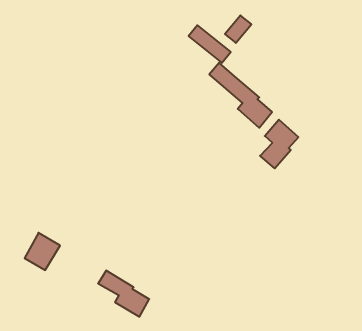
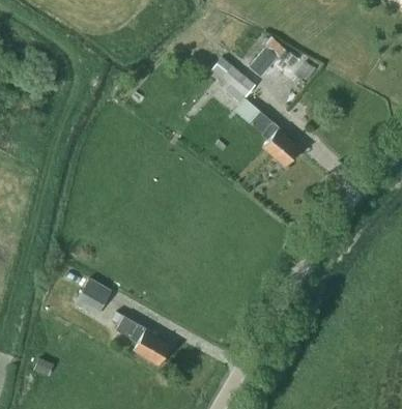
building: [260,120,298,168] -> none
building: [25,233,60,270] -> [76,281,113,320]

